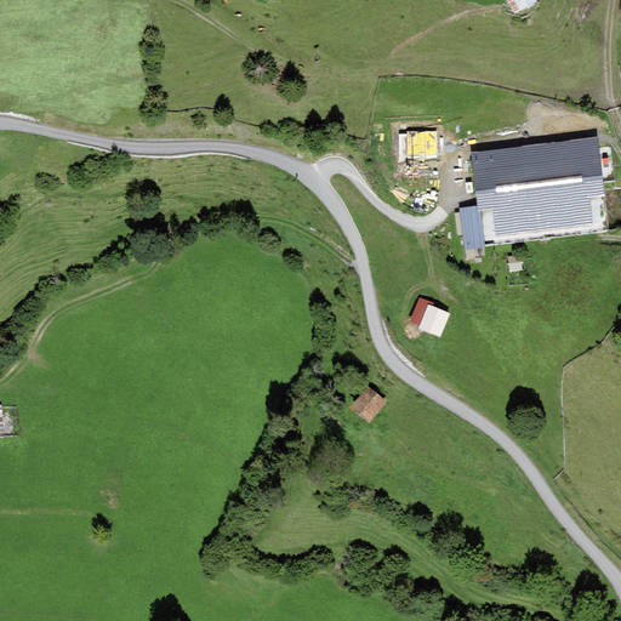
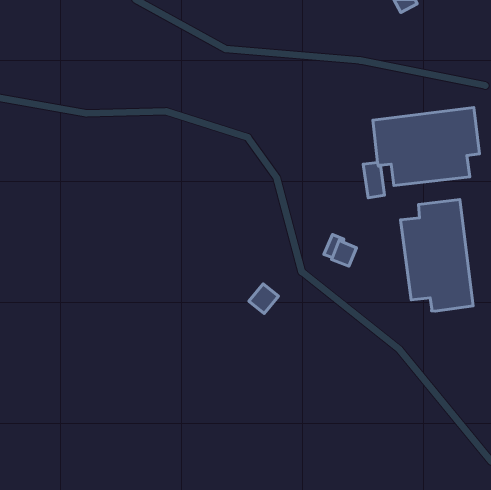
building: none -> [401,200,473,311]
building: [349,386,387,423] -> [249,284,279,314]

